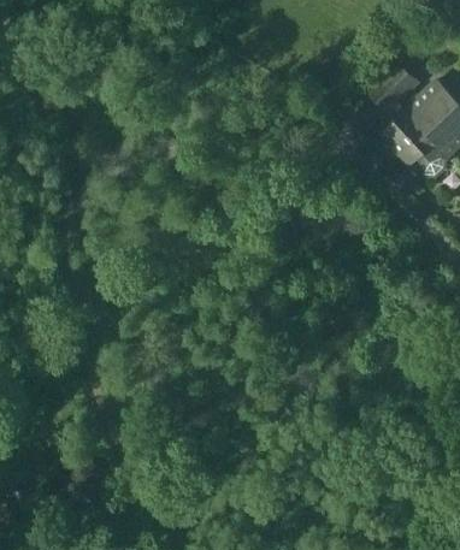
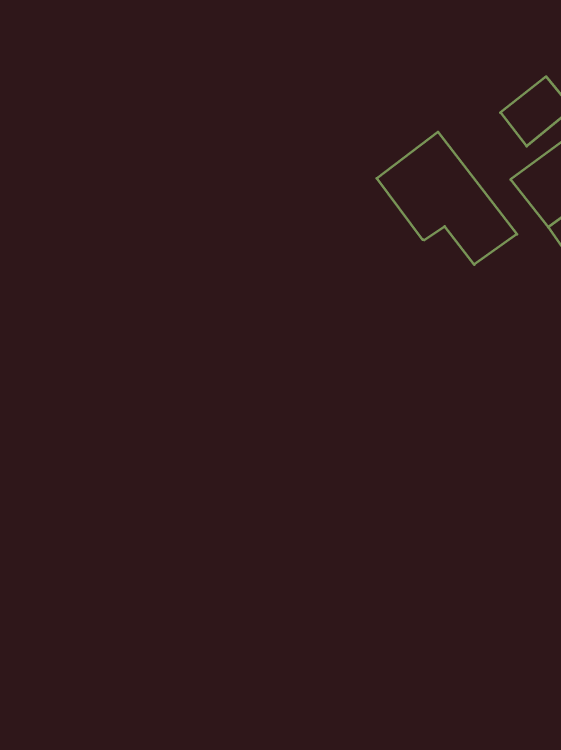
building: none -> [377,132,517,265]

